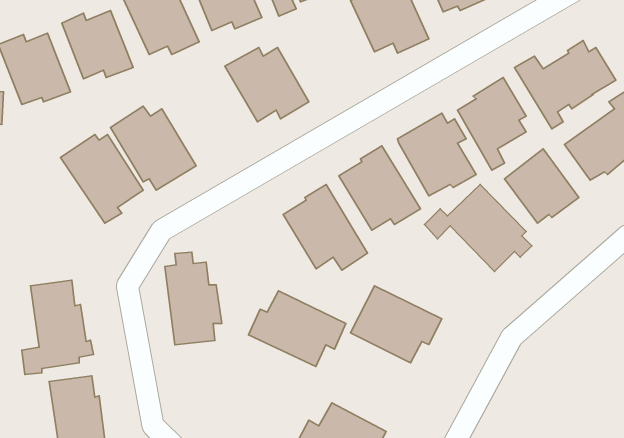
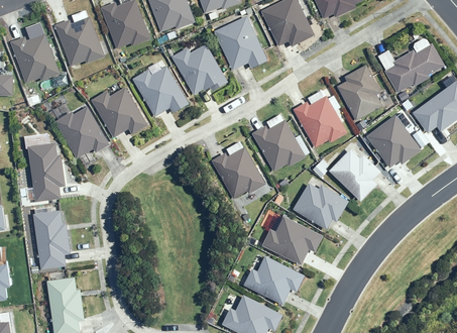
building: none -> [213,15,268,71]
building: none -> [131,66,189,123]
building: none -> [293,174,346,229]
building: [165,252,222,345] -> [27,135,68,201]
building: [249,291,346,366] -> [237,252,306,306]

